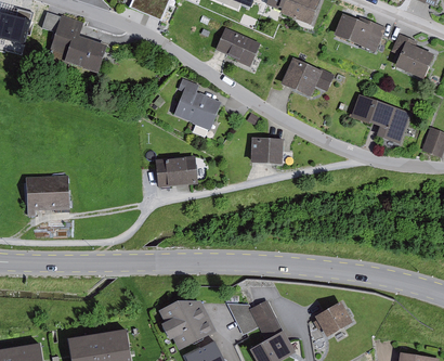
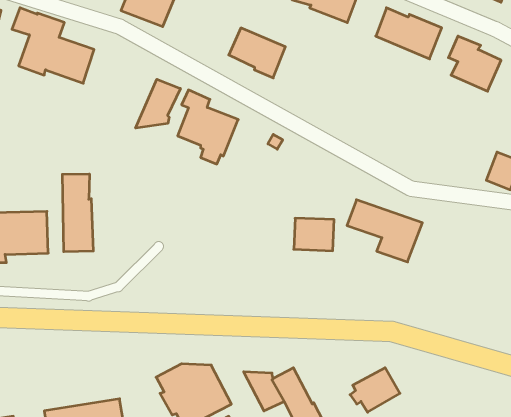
building: [280,56,334,95] -> none
building: none -> [136,79,180,128]
building: [351,94,412,144] -> [347,200,422,262]
building: [250,137,283,163] -> [294,218,334,251]
building: none -> [62,174,93,252]
building: [155,155,197,186] -> none

